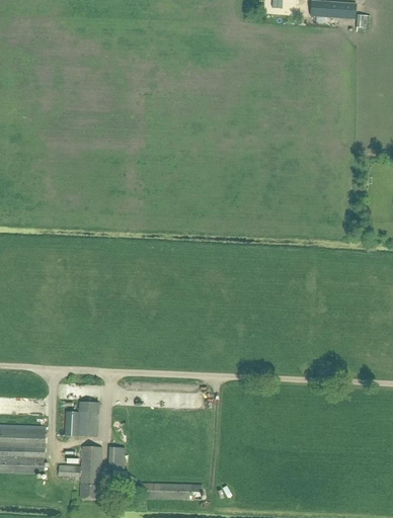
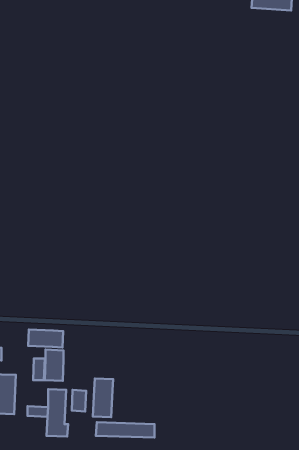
building: none -> [28,329,63,347]
building: none -> [93,379,113,417]

